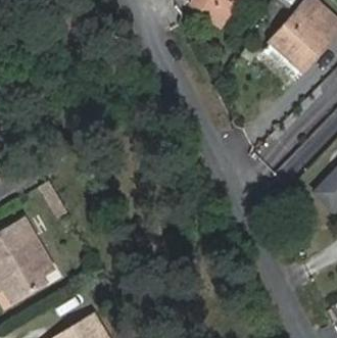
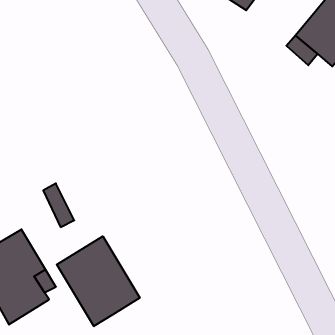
building: none -> [57,236,140,326]

